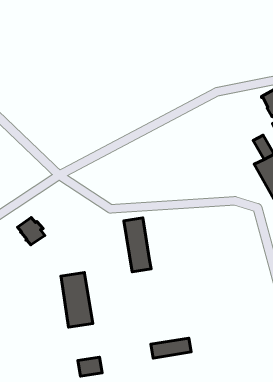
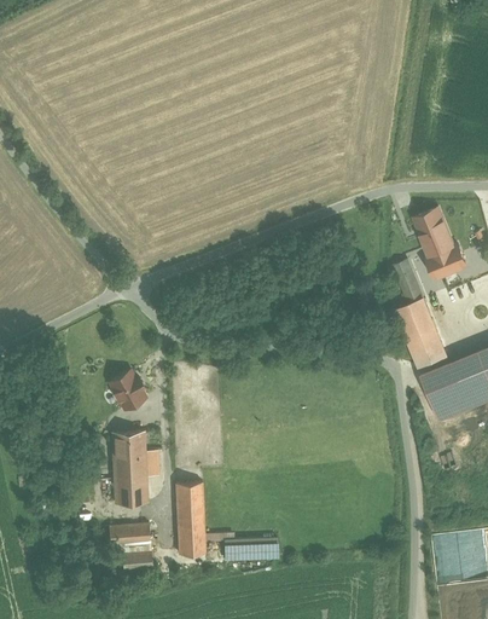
building: [17,218,45,245] -> [110,372,146,410]
building: [124,218,151,272] -> [176,484,207,556]
building: none -> [110,525,151,546]

